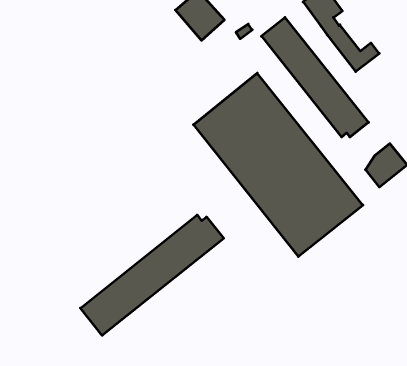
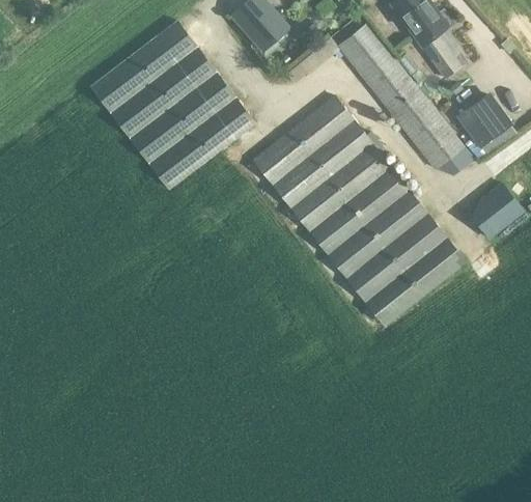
building: none -> [91,22,253,188]
building: none -> [454,100,502,149]
building: [80,215,224,335] -> none

